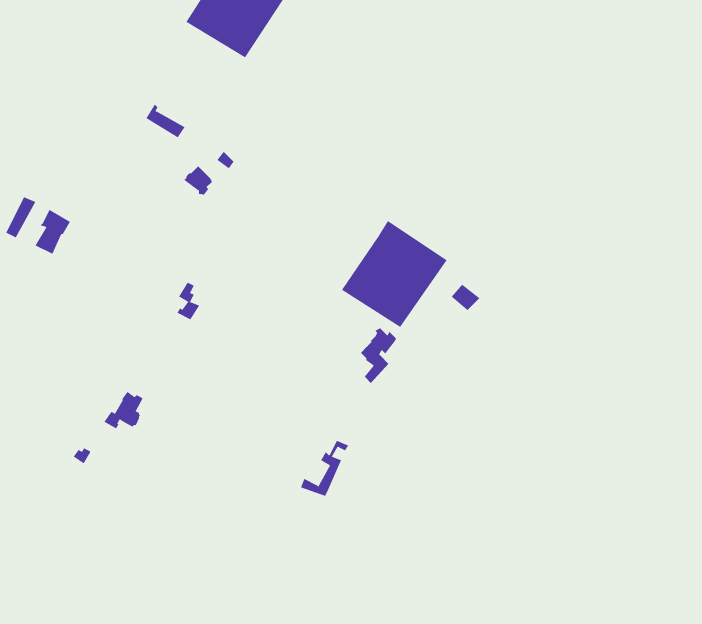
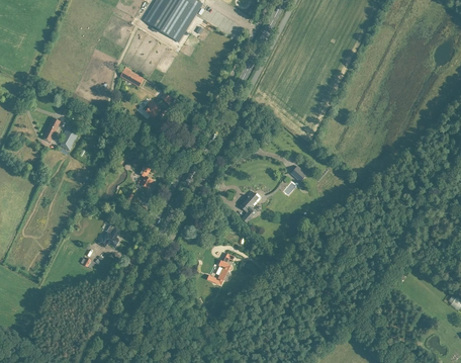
building: [341,220,447,328] -> none

